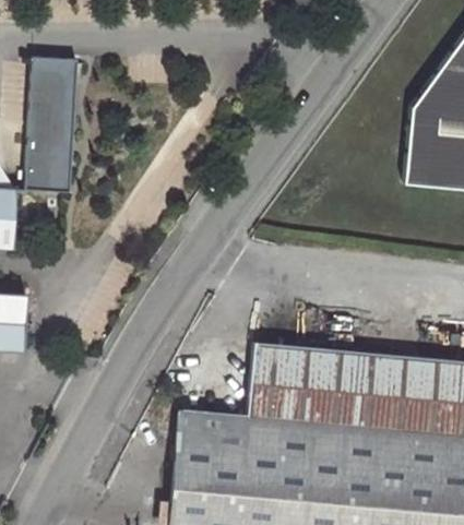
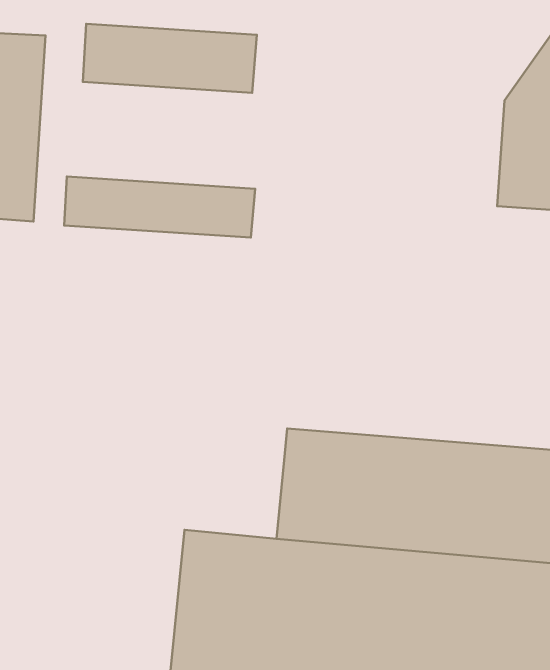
building: none -> [83,24,257,93]
building: none -> [64,177,255,237]

